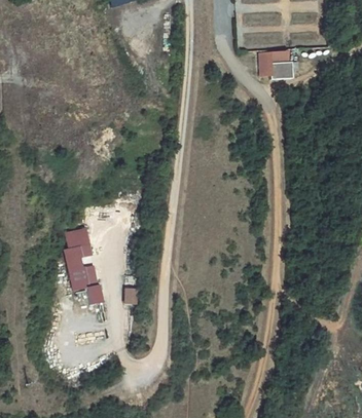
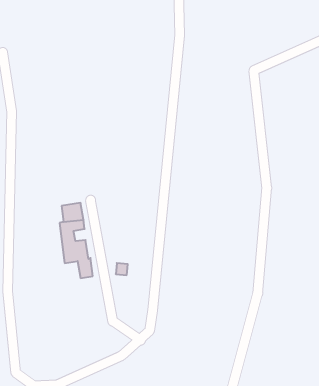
building: [260,51,292,79] -> none

